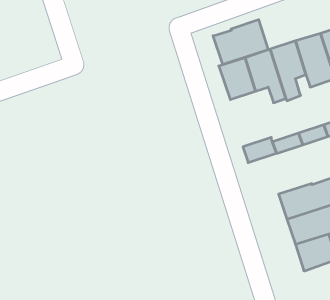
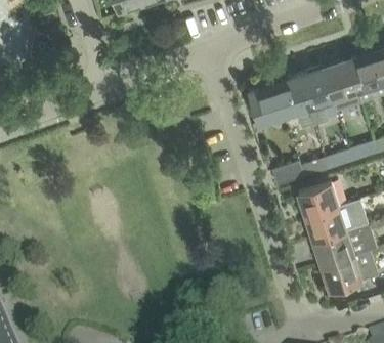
building: [213,20,268,64] -> none
building: none -> [299,178,340,214]

